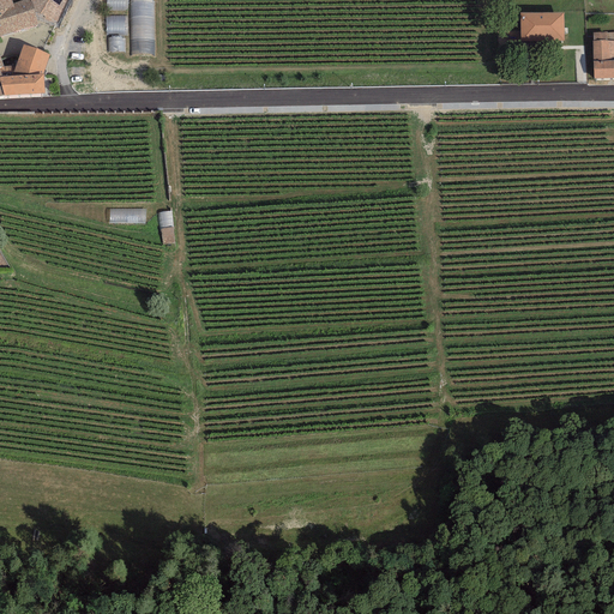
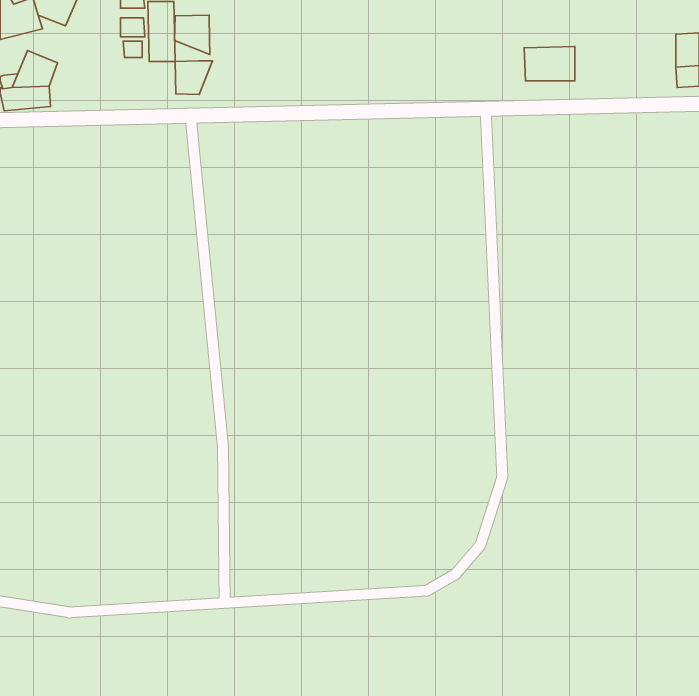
building: [519,10,564,40] -> [524,47,575,81]
building: none -> [175,15,210,55]
building: none -> [175,61,213,95]

